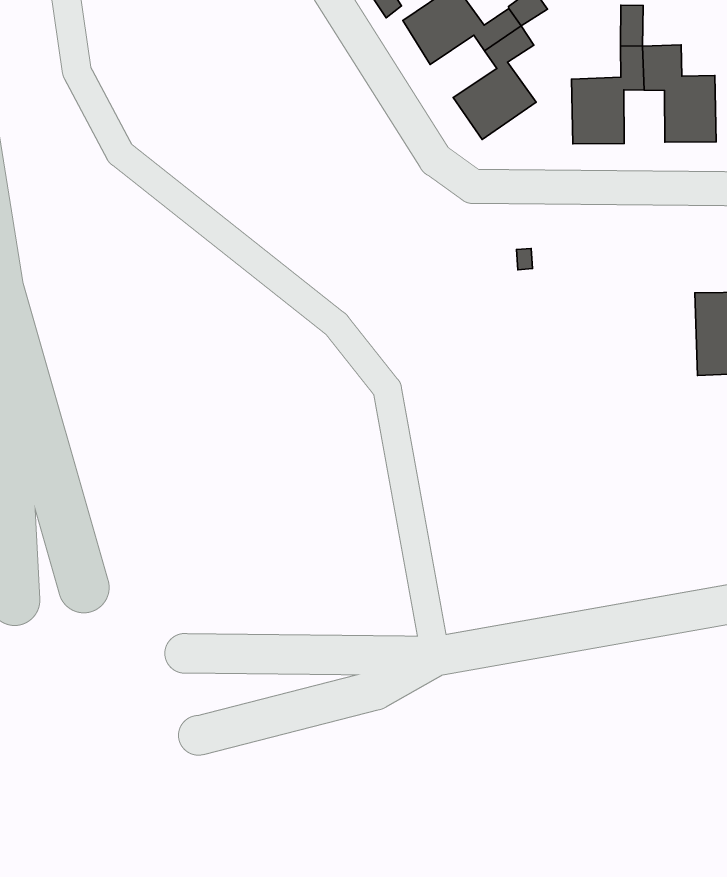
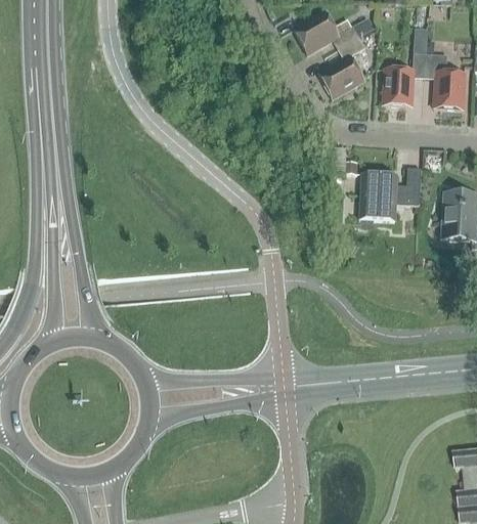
building: none -> [360,168,422,220]

